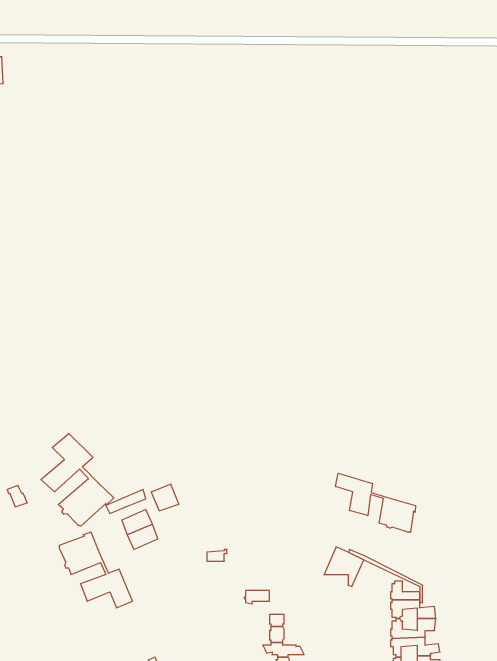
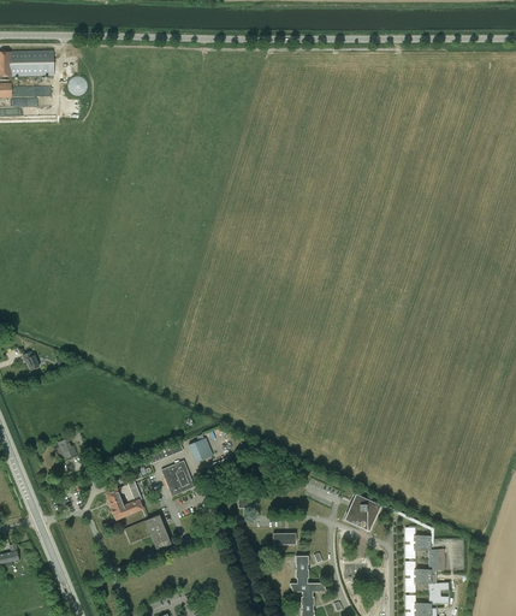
building: [41,433,114,526] -> none
building: [336,473,416,532] -> none

